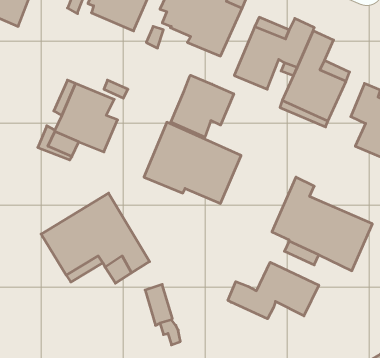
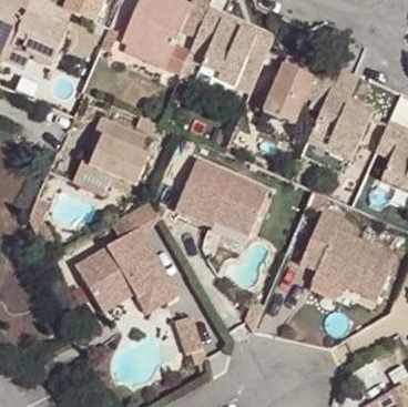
building: [171,75,234,137] -> none
building: [228,262,319,319] -> none

